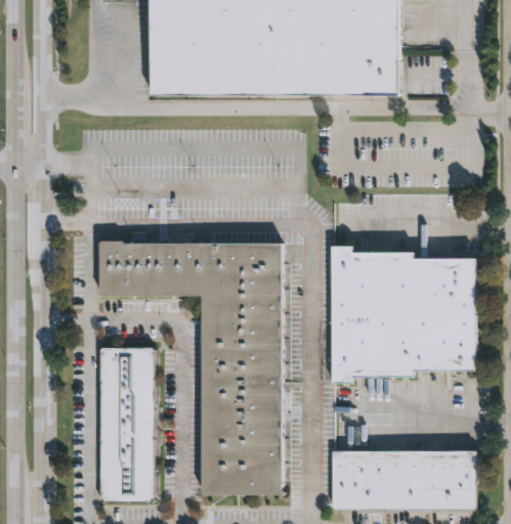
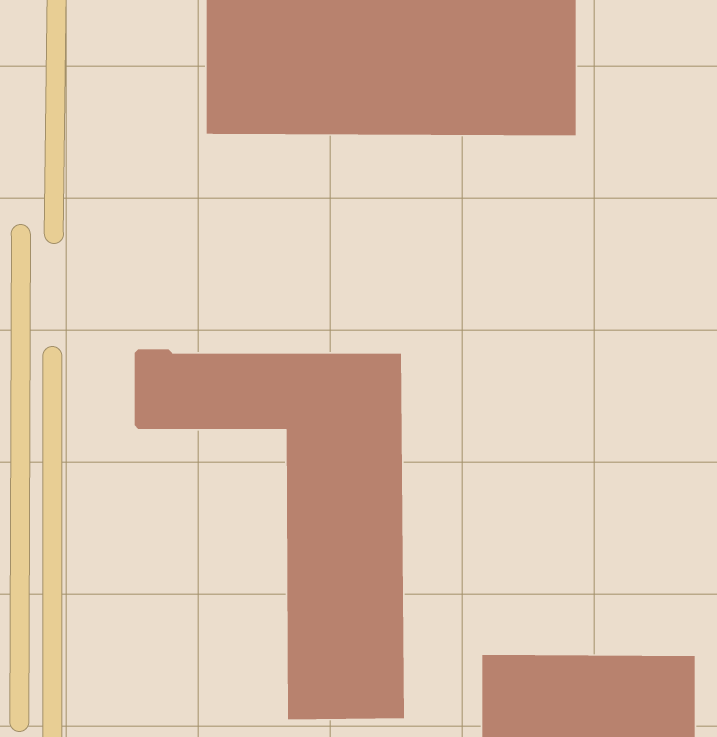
building: [330,247,476,384] -> none
building: [100,345,156,499] -> none

